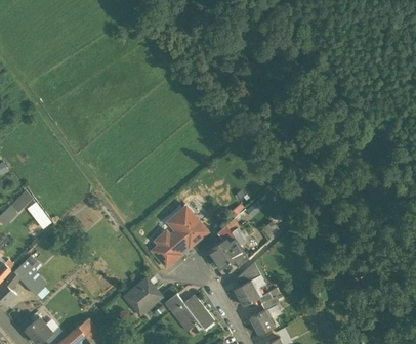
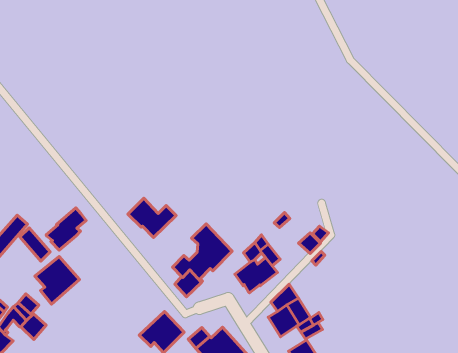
building: none -> [128,198,176,238]
building: none -> [46,208,86,250]
building: none -> [35,256,79,304]

